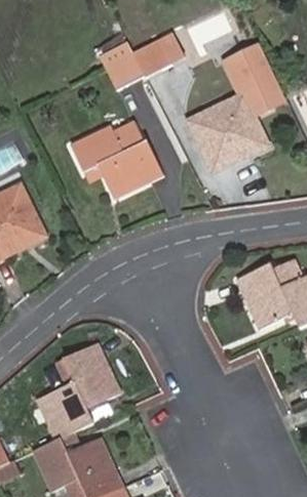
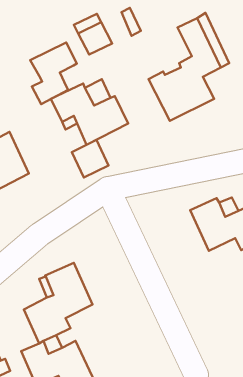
building: [130,40,167,80] -> none
building: none -> [30,42,77,104]
building: none -> [72,140,108,178]

